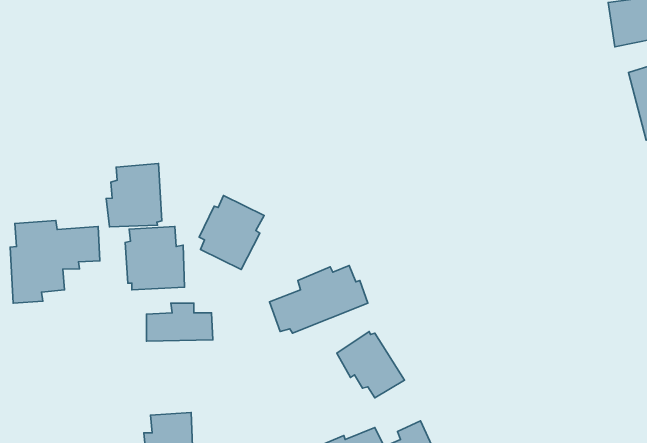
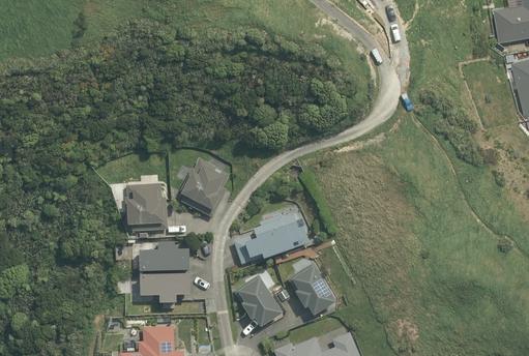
building: [106,164,162,227] -> none
building: [10,220,100,303] -> none
building: none -> [140,272,190,302]
building: none -> [232,274,284,326]

